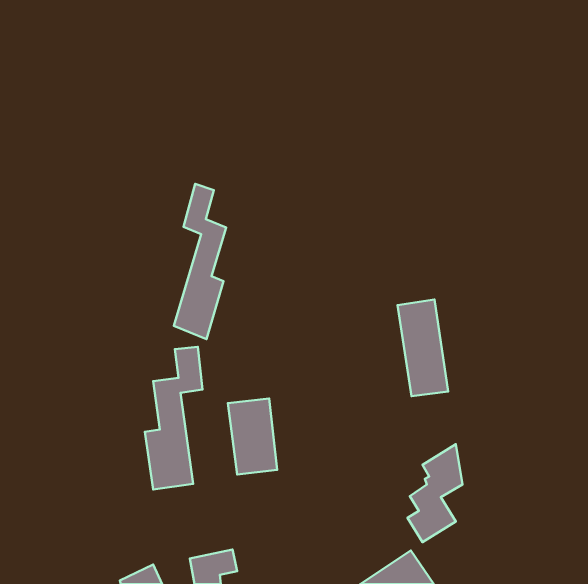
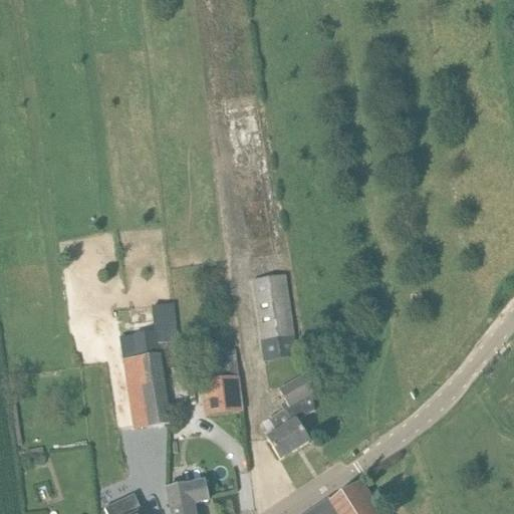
building: [174,184,226,339] -> none
building: [398,299,448,396] -> [252,274,296,358]
building: [407,444,463,542] -> [266,372,314,458]

